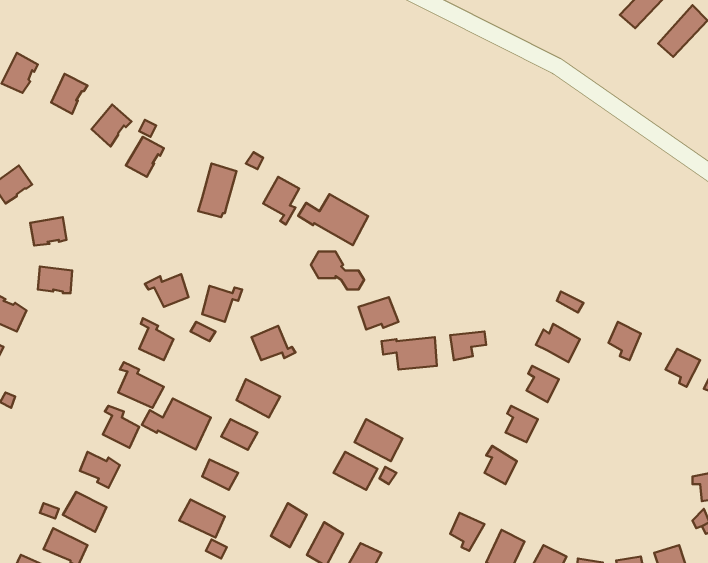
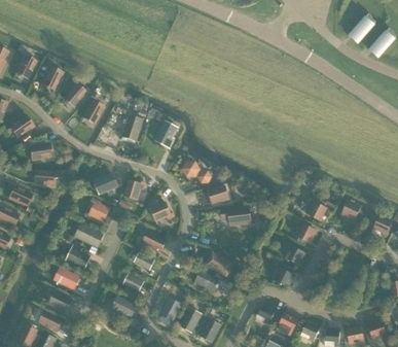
building: [298,194,368,245] -> none
building: [142,398,211,450] -> none

